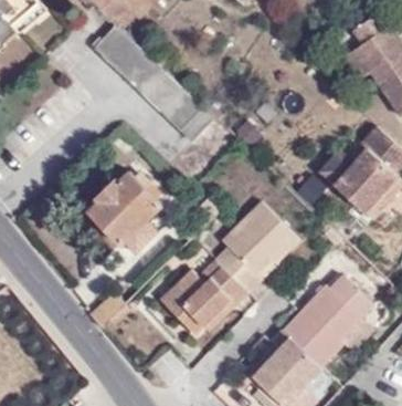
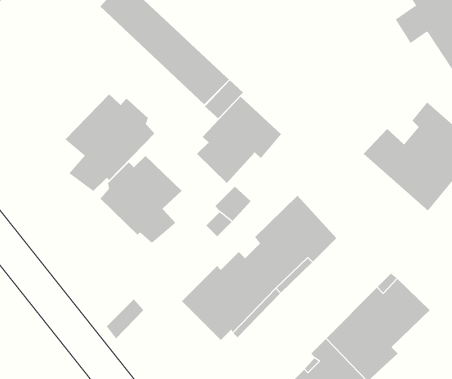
building: none -> [65,94,155,192]
building: none -> [196,96,282,184]

